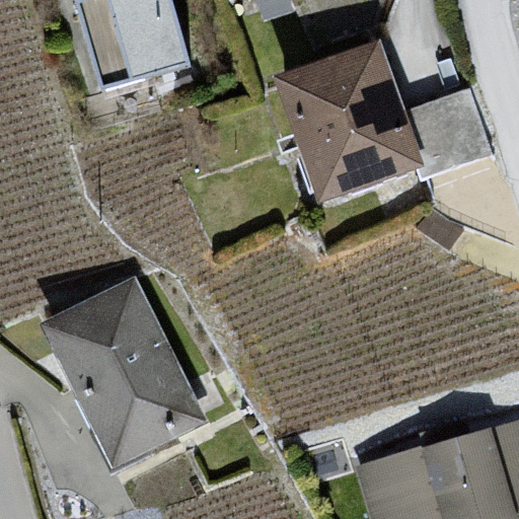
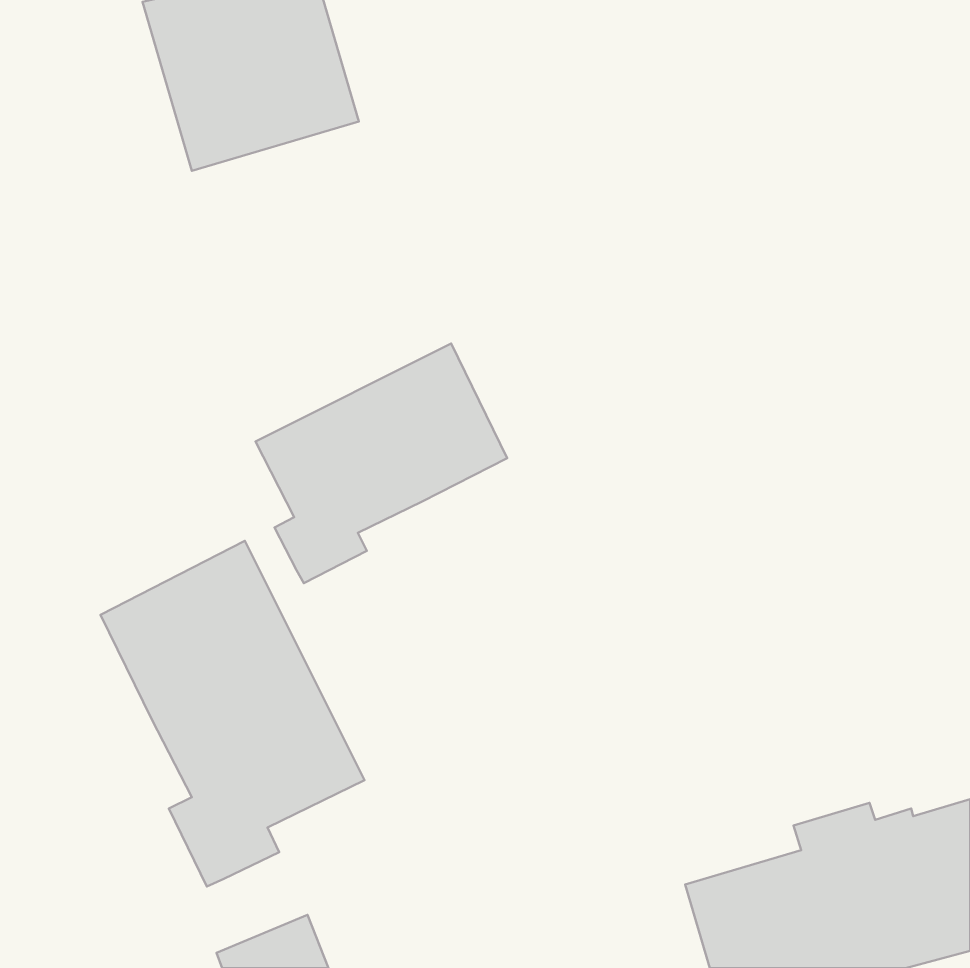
building: [285,45,493,193] -> none
building: none -> [255,344,507,583]

